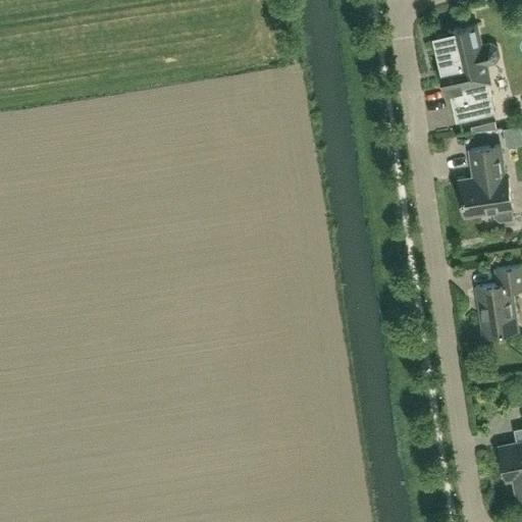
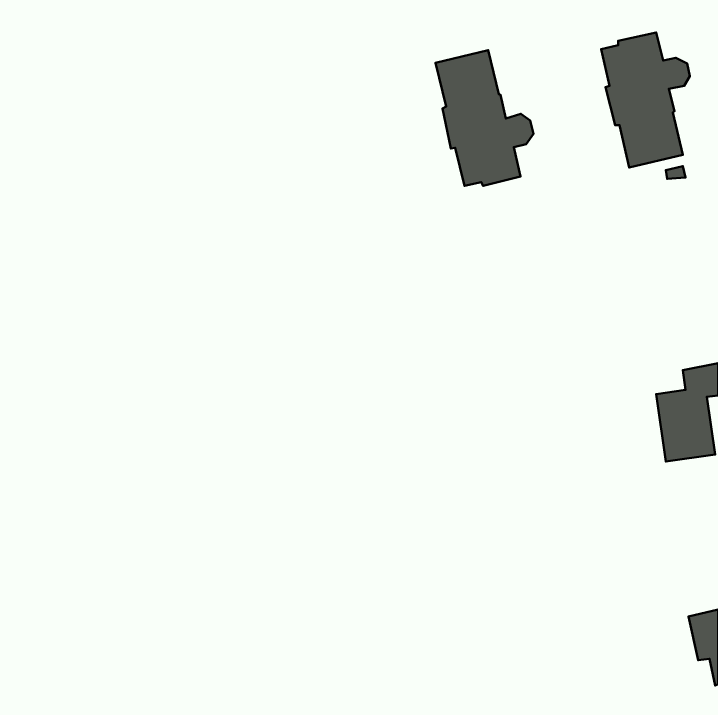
building: none -> [436,50,534,186]
building: [459,147,512,222] -> none

